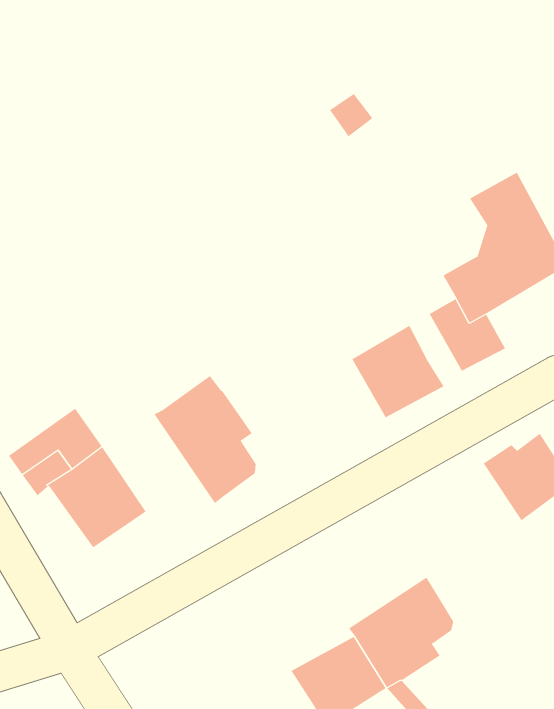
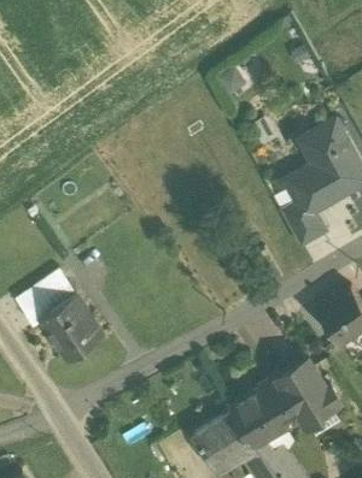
building: [351,325,445,418] -> none
building: [154,375,256,504] -> none
building: none -> [281,365,339,425]

